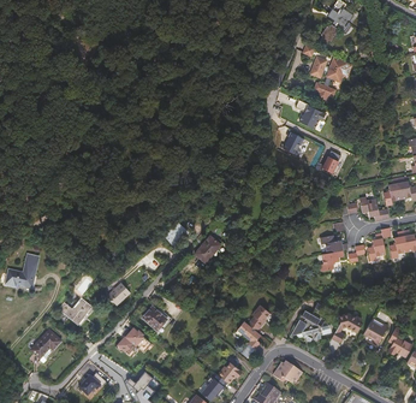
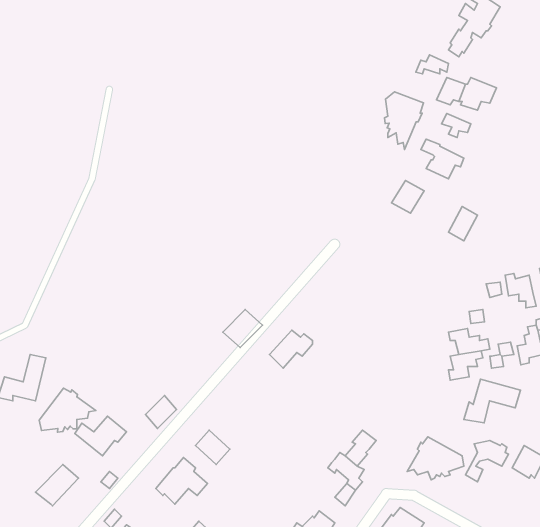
building: none -> [384,92,423,150]
building: none -> [464,379,520,423]
building: none -> [39,388,96,432]

